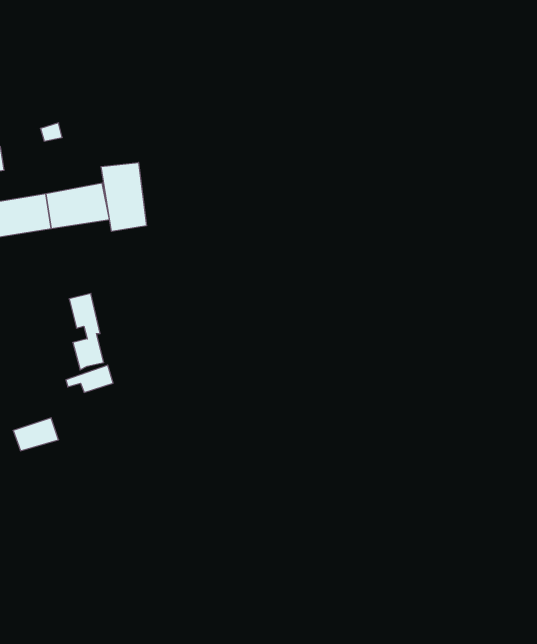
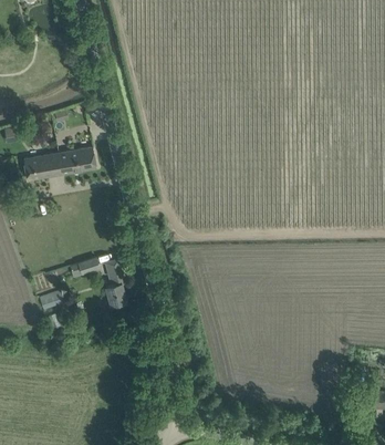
building: [101,162,146,231] -> none
building: [69,293,104,370] -> [104,259,125,306]

